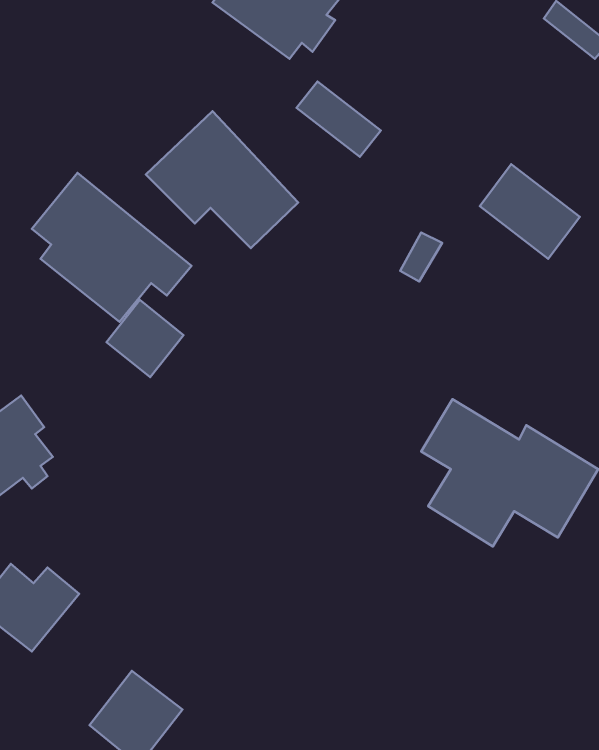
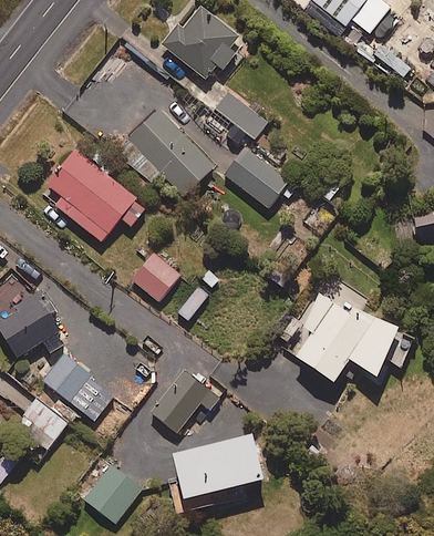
building: [480,164,580,259] -> [225,147,288,207]
building: [106,300,184,377] -> [131,251,179,300]
building: none -> [40,352,111,420]
building: none -> [148,369,218,432]
building: none -> [175,437,266,504]

